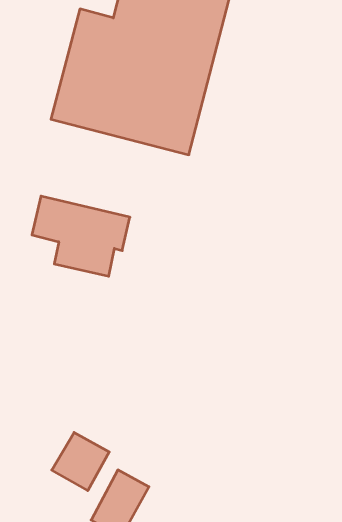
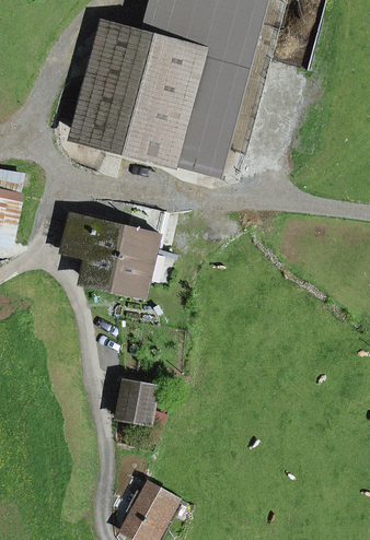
building: none -> [118,383,157,423]
building: [52,432,109,491] -> none

